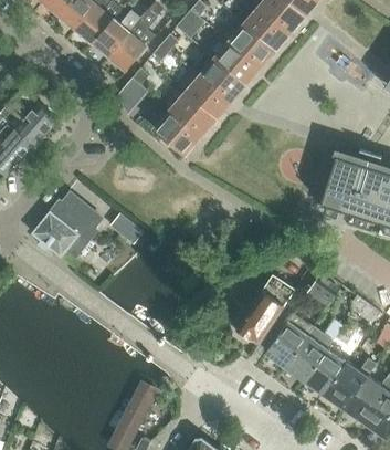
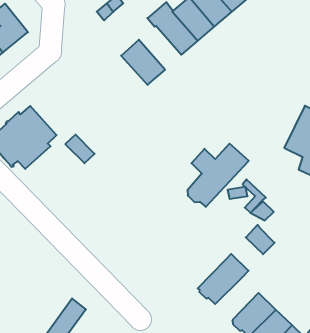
building: [169,93,214,136] -> none
building: [236,276,294,344] -> [187,144,249,207]
building: [285,334,327,378] -> none

